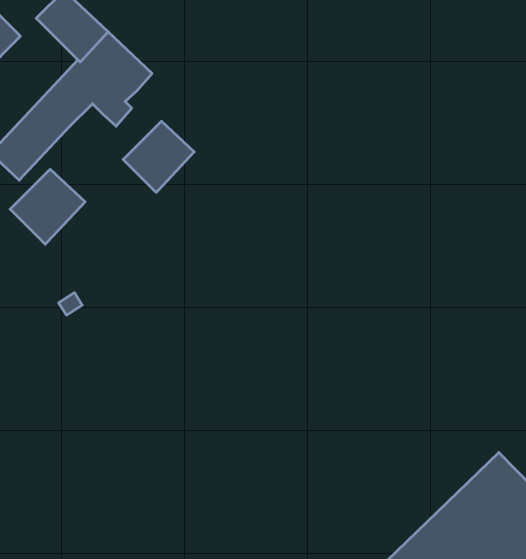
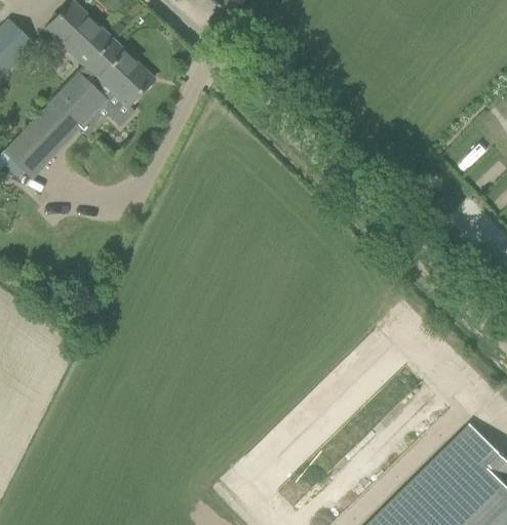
building: [123,121,194,192] -> none
building: [10,169,85,244] -> none

